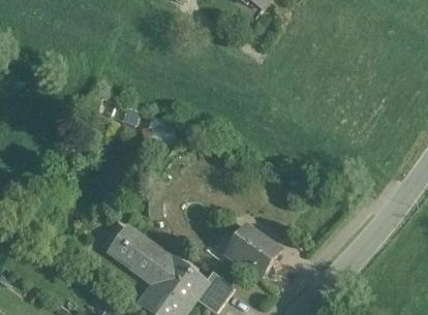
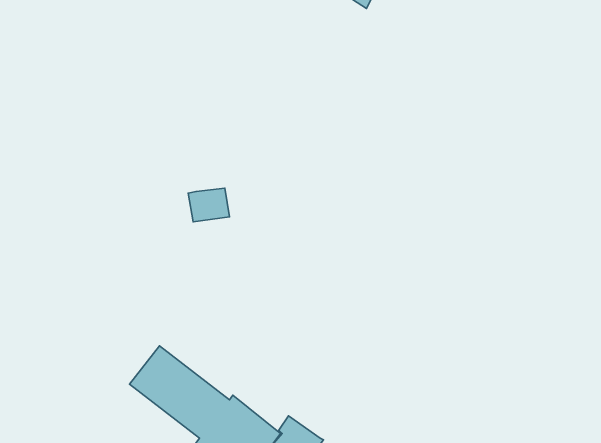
building: [224,224,278,277] -> none

